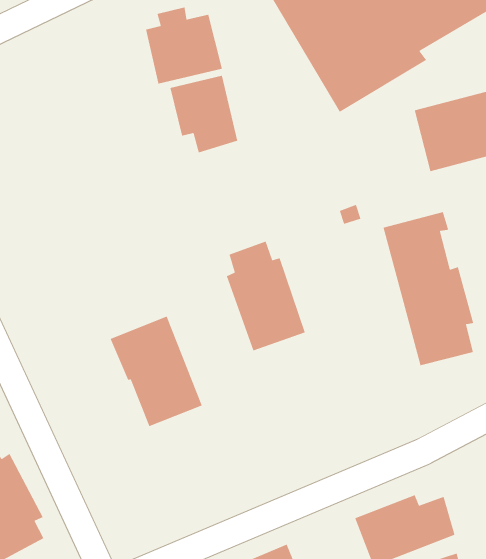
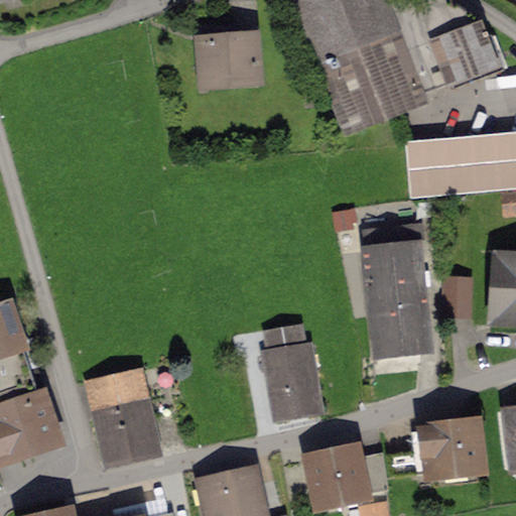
building: [170,75,238,154] -> none
building: [226,241,306,351] -> [263,330,320,417]
building: [110,315,203,427] -> [86,374,152,462]

